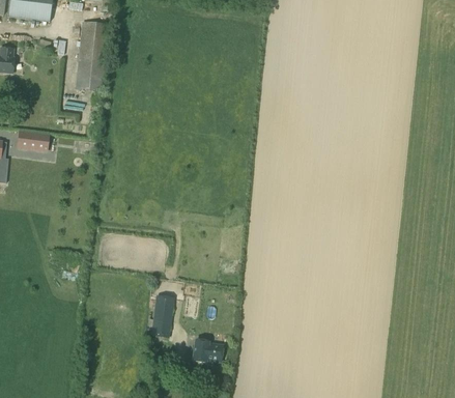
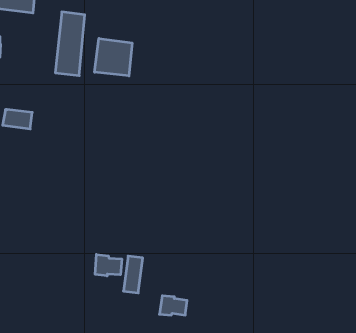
building: none -> [95,38,132,76]
building: none -> [95,254,122,276]

